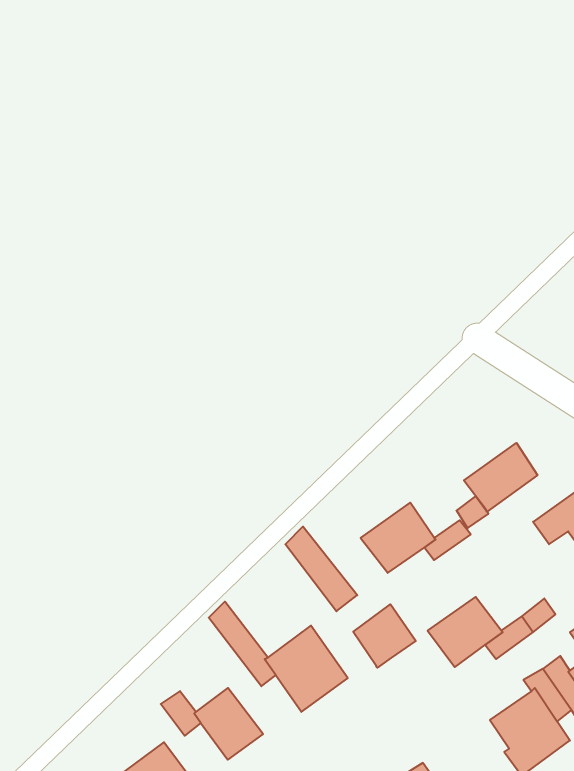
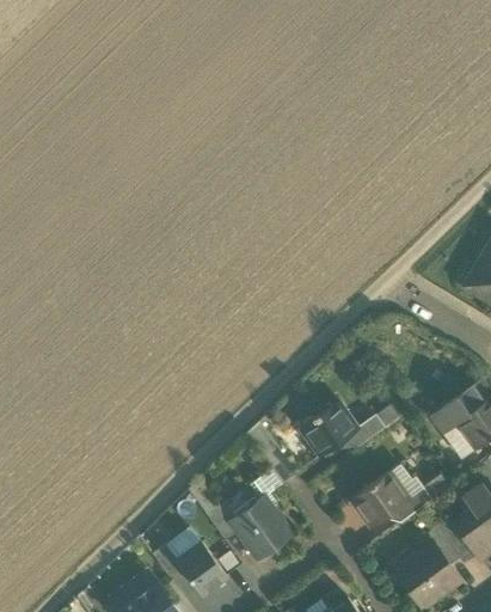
building: [464,443,537,512] -> none
building: [353,604,416,668] -> none

